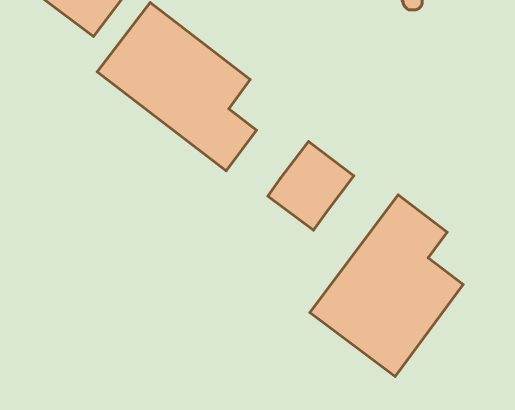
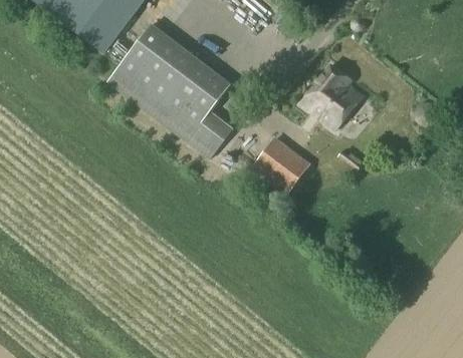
building: none -> [301,63,362,128]
building: [310,195,463,377] -> none

